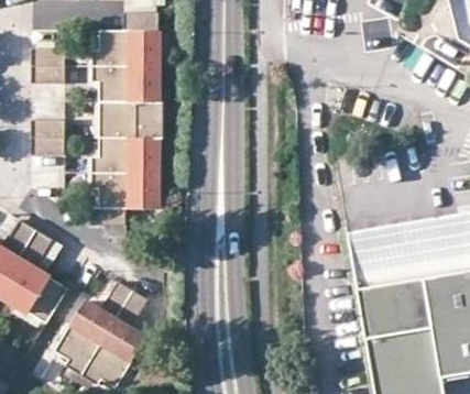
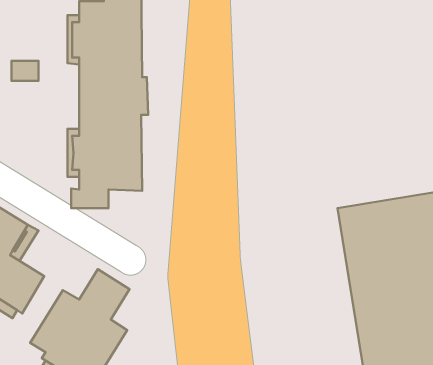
building: [33,48,67,84] -> none
building: [34,120,67,155] -> none

